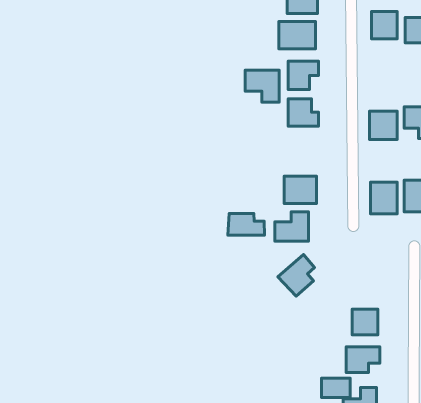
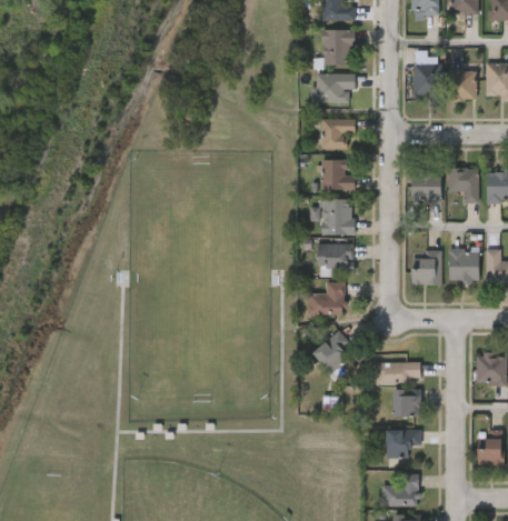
building: [245,70,279,102] -> none
building: none -> [322,200,355,234]
building: [228,213,265,235] -> none
building: none -> [377,362,420,384]
building: [322,378,350,398] -> none

